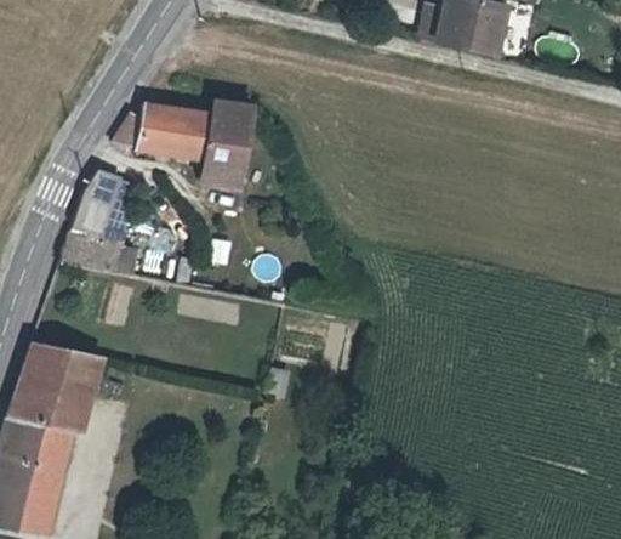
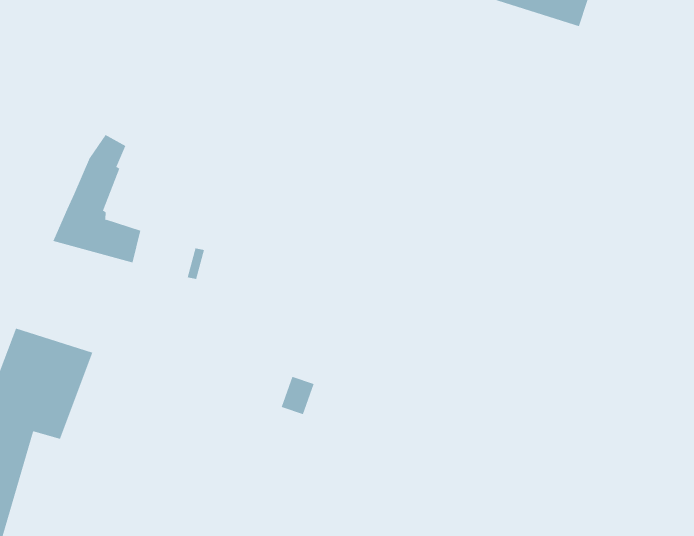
building: [113,102,256,191] -> none

